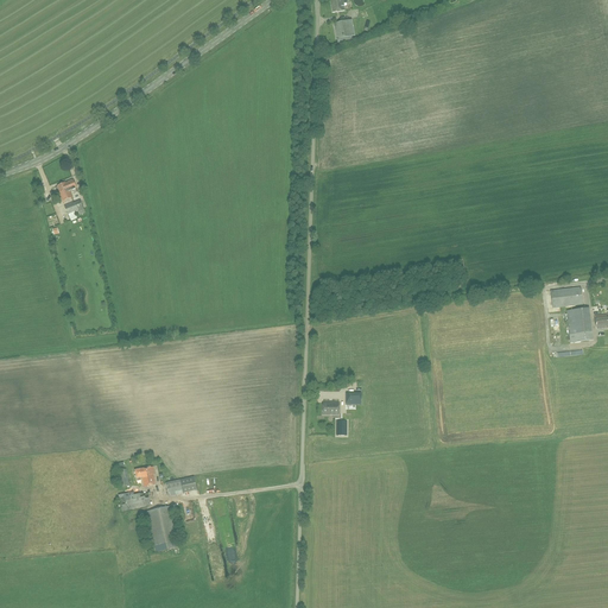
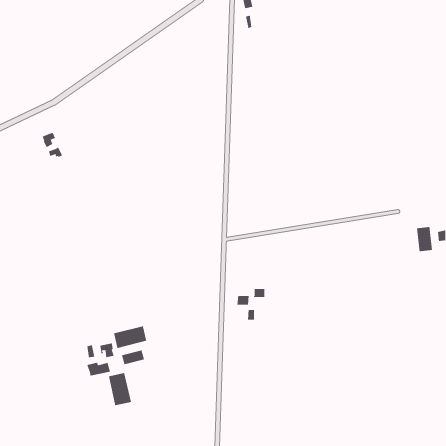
building: [551,286,582,308] -> none
building: none -> [114,326,147,349]

